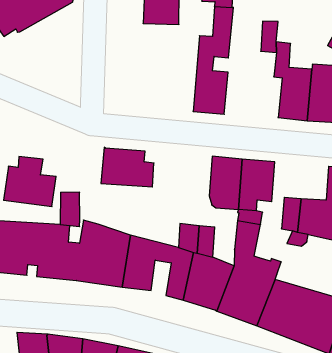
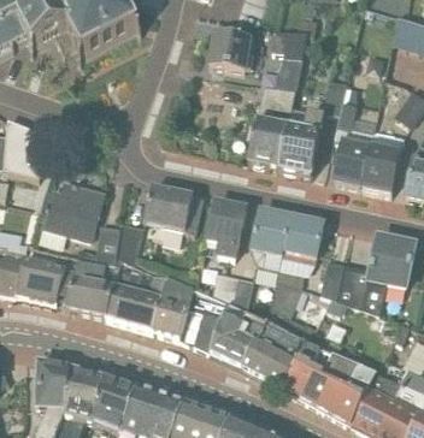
building: none -> [278,110,325,172]
building: none -> [206,199,246,258]
building: none -> [117,219,143,261]

